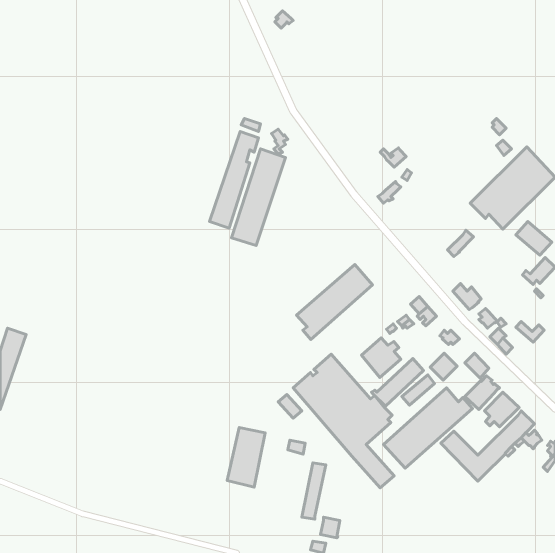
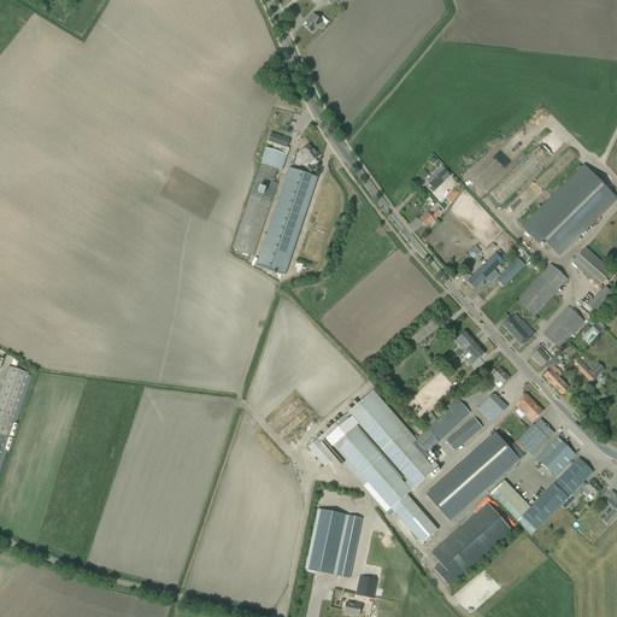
building: none -> [466,248,506,287]
building: none -> [518,262,568,315]
building: [297,264,372,339] -> none
building: none -> [543,305,583,346]
building: [361,338,401,377] -> none
building: [227,427,265,487] -> [305,507,347,574]
building: none -> [431,501,512,583]

